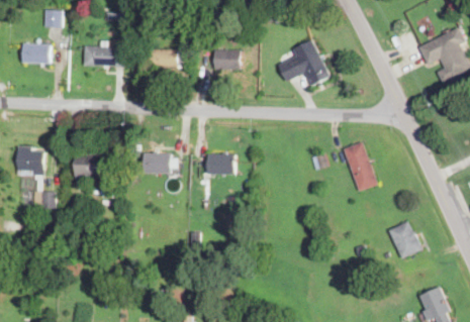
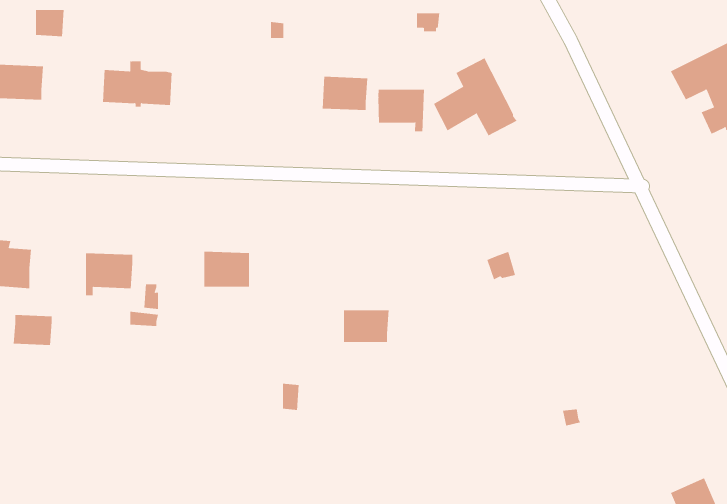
building: [147,48,177,69] -> none
building: none -> [378,89,425,132]
building: [343,141,377,191] -> none
building: [207,154,234,174] -> [343,310,390,343]
building: [388,221,421,258] -> none

